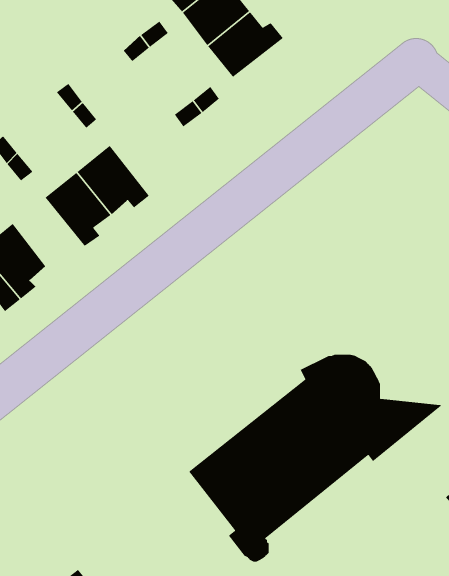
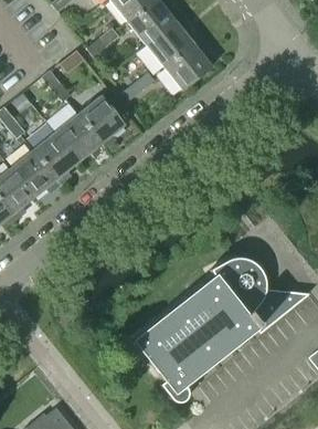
building: none -> [162,39,211,90]
building: none -> [77,95,124,148]
building: none -> [10,149,60,197]

